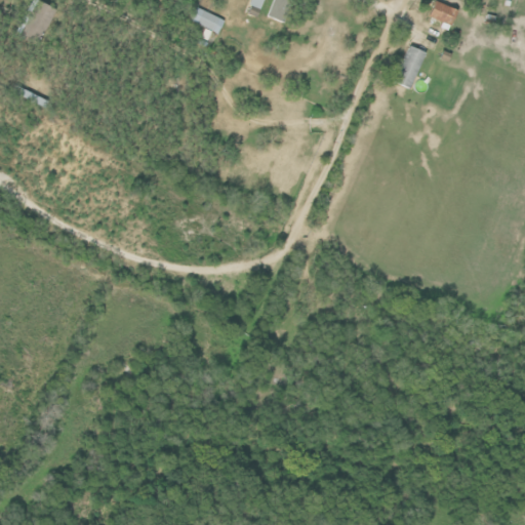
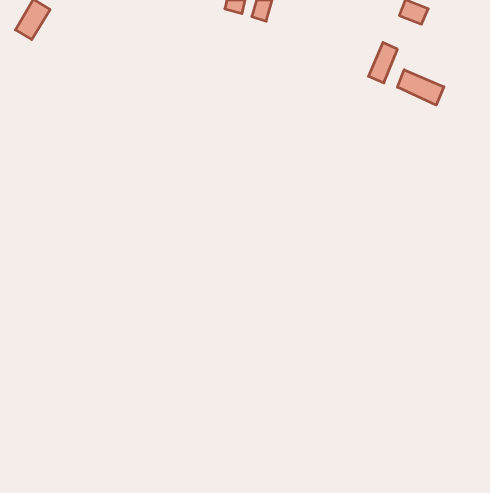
building: [191,6,226,33] -> none
building: none -> [397,70,444,105]

